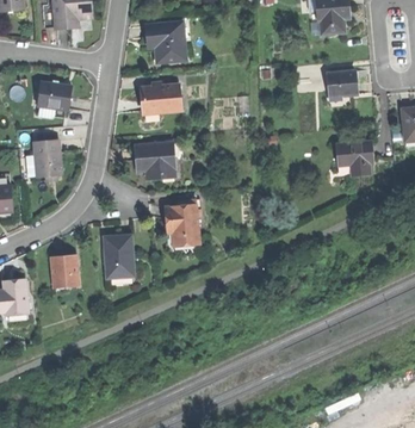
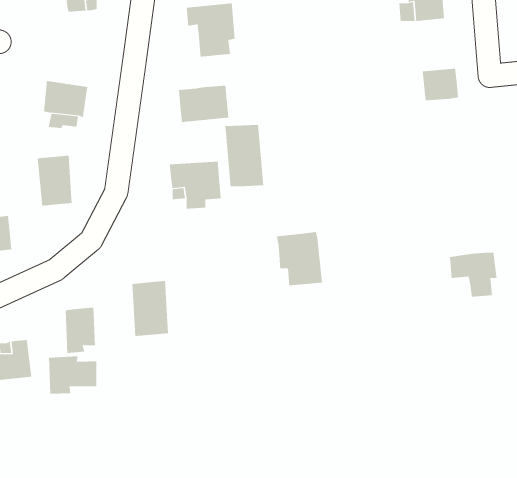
building: none -> [225,124,264,187]
building: [336,142,373,176] -> [449,252,497,297]
building: [165,203,200,244] -> [276,232,323,286]
building: none -> [49,355,97,395]

